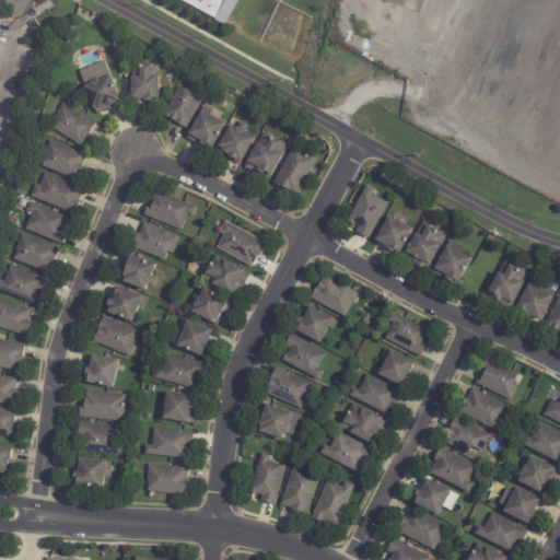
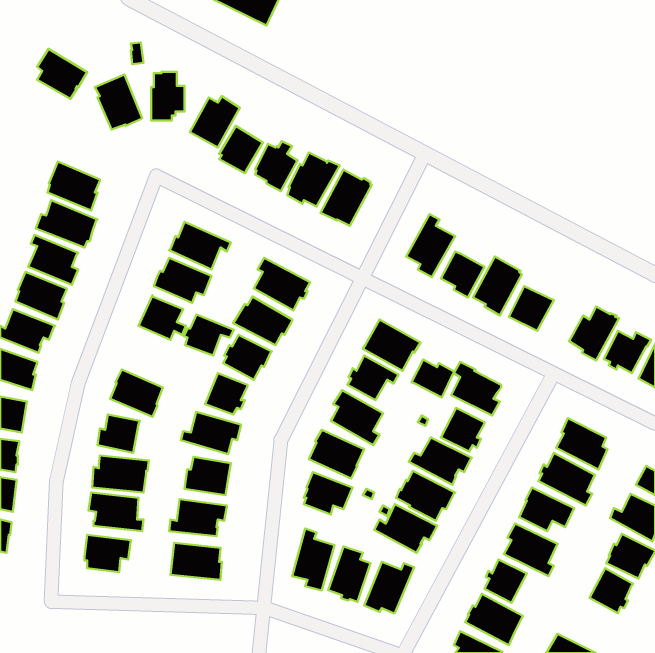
building: [54,102,96,144] -> [37,49,87,99]
building: [108,284,151,319] -> [184,314,234,355]
building: none -> [412,359,454,397]
building: [475,511,528,551] -> none

